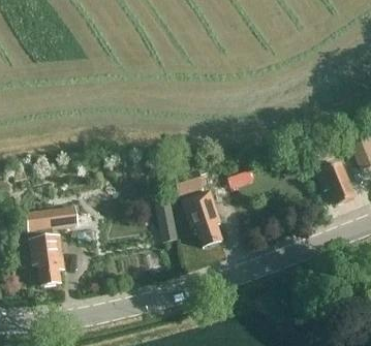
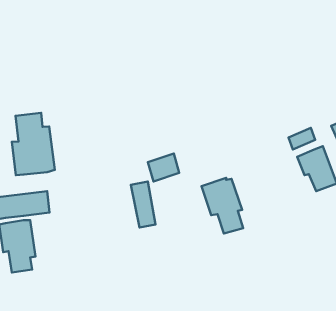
building: none -> [12,113,55,175]
building: [181,190,221,244] -> [201,178,243,233]

